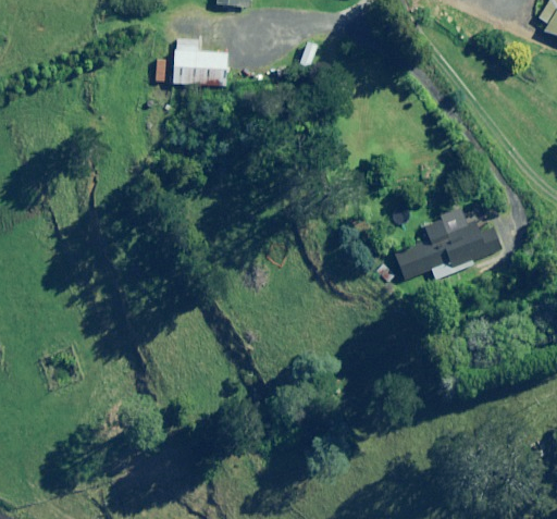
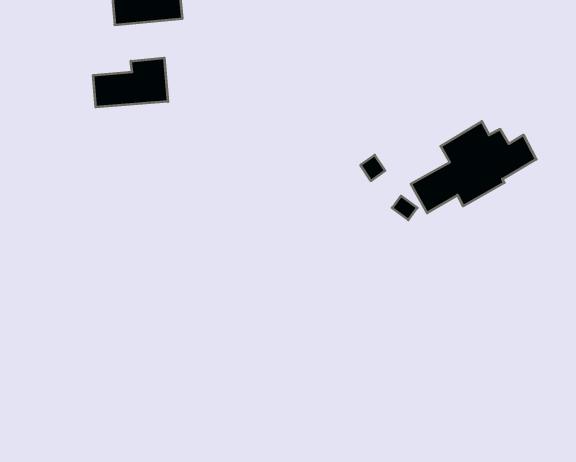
building: none -> [93,58,168,107]

